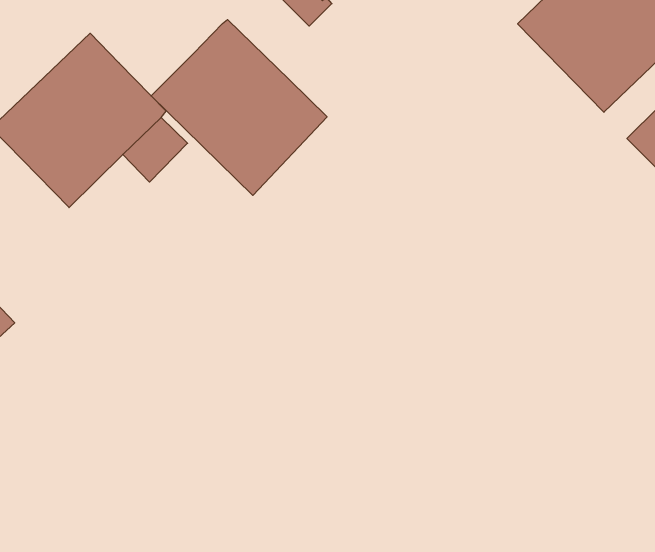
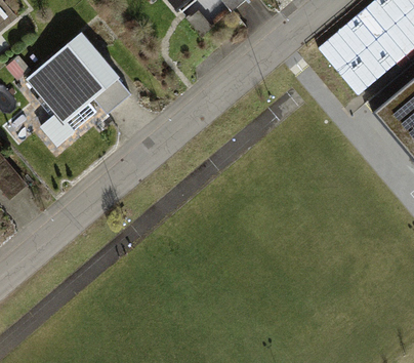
building: [151,20,327,195] -> none

